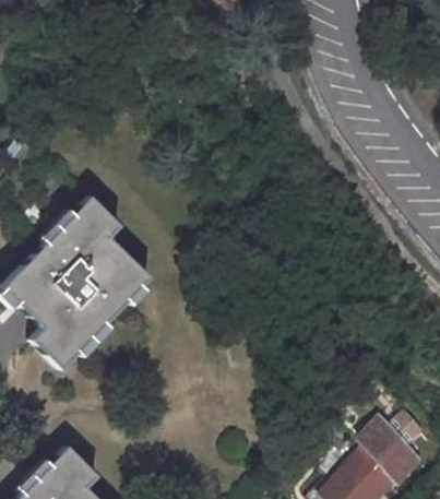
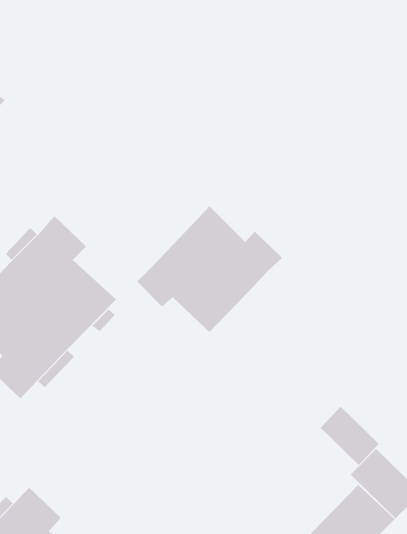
building: none -> [136,206,283,333]
building: none -> [320,406,380,466]

